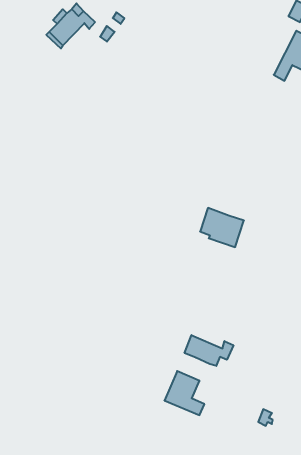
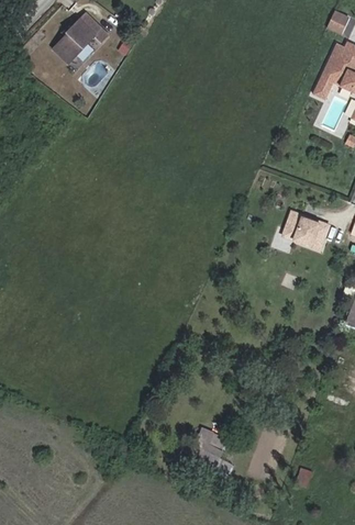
building: [200,208,244,247] -> [281,209,331,253]
building: [185,335,233,366] -> none

